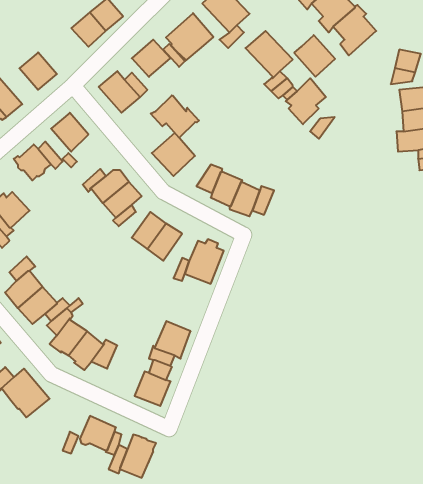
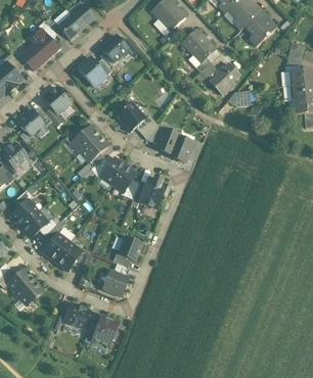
building: [166,13,213,61] -> none
building: none -> [32,30,59,59]
building: [294,35,335,77] -> none
building: [151,95,199,138] -> none

